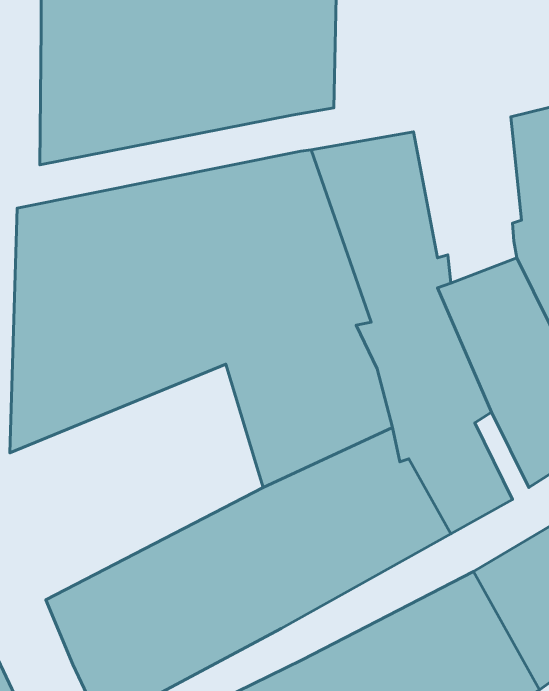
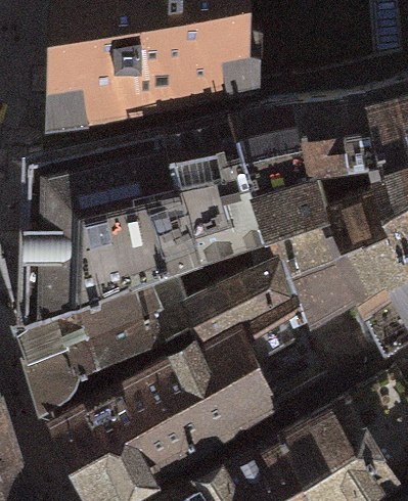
building: none -> [303,97,376,193]
building: none -> [28,266,195,416]

